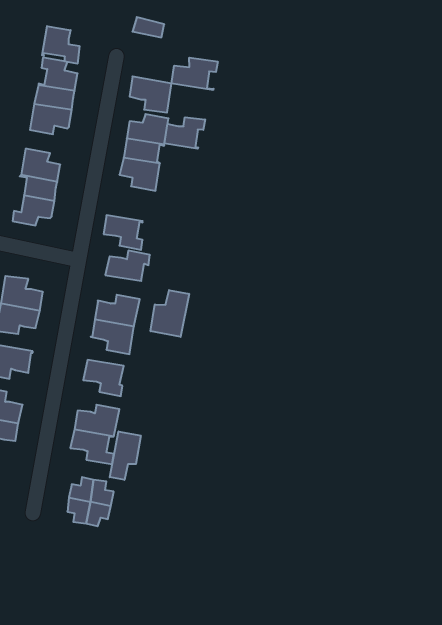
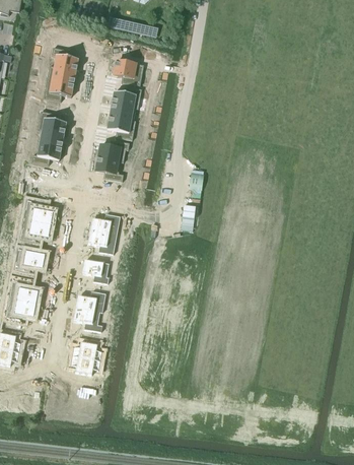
building: [42,26,79,64] -> none
building: [171,58,218,90] -> none
building: [165,117,205,149] -> none
building: [105,251,150,281] -> [97,139,129,160]
building: [151,290,189,337] -> none
building: [110,431,141,480] -> none

